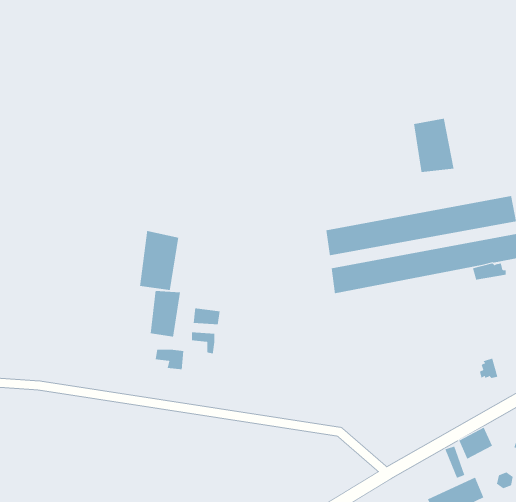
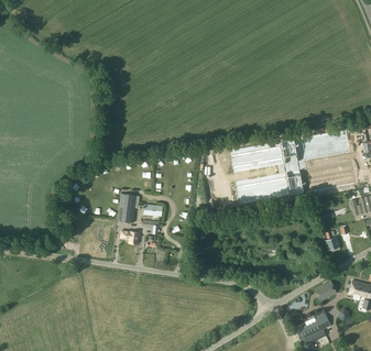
building: [414,118,454,173] -> none
building: [139,230,179,291] -> none

